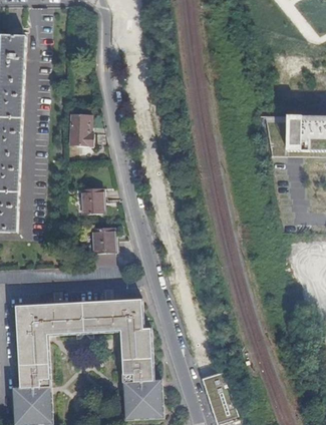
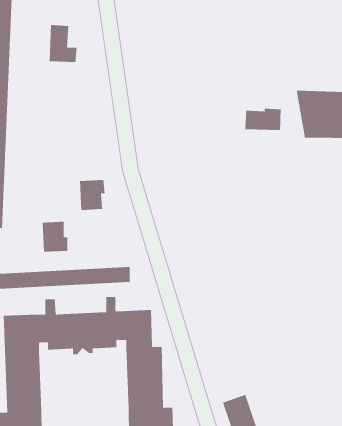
building: [69,115,93,147] -> [49,24,78,63]
building: none -> [245,108,281,131]
building: [92,229,114,255] -> [42,221,68,252]

